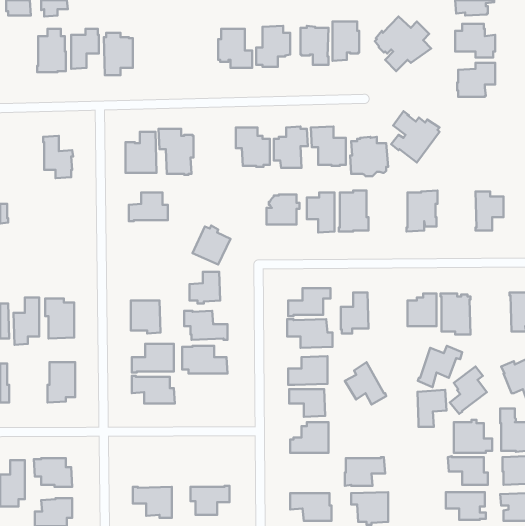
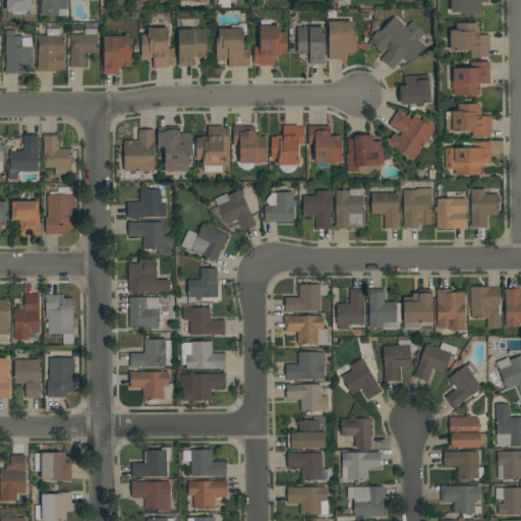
building: none -> [141,28,175,68]
building: none -> [179,28,207,66]
building: none -> [6,31,34,74]
building: none -> [400,74,431,105]
building: none -> [447,104,493,137]
building: none -> [196,126,230,166]
building: none -> [9,135,39,180]
building: none -> [446,141,491,175]
building: none -> [215,189,257,232]
building: none -> [371,193,400,229]
building: none -> [46,195,73,235]
building: none -> [436,198,467,229]
building: none -> [12,201,41,235]
building: none -> [128,222,174,255]
building: none -> [128,259,171,293]
building: none -> [469,288,501,319]
building: none -> [368,289,400,331]
building: none -> [15,360,41,398]
building: none -> [181,373,226,401]
building: [418,390,446,427] -> [384,345,412,382]
building: none -> [342,416,372,448]
building: none -> [132,448,173,478]
building: none -> [183,450,227,477]
building: none -> [288,452,331,480]

